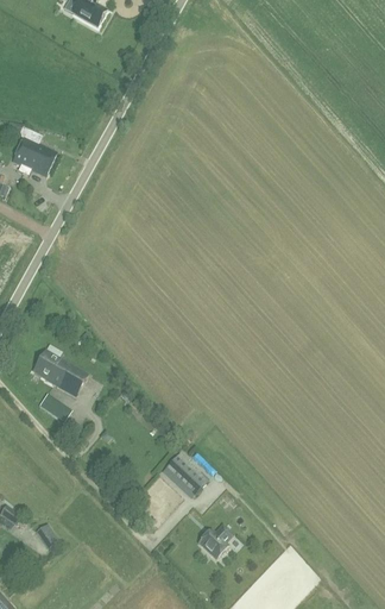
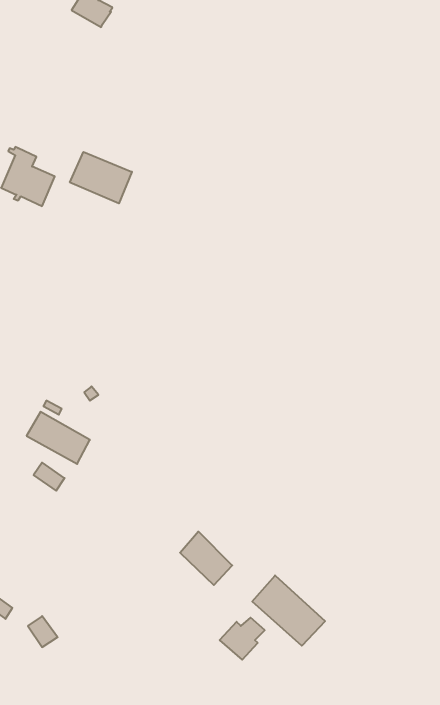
building: none -> [70,152,132,203]
building: none -> [252,575,325,646]

